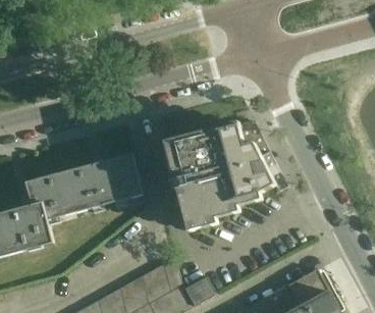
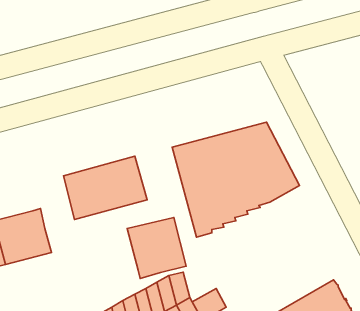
building: [22,172,72,221] -> none
building: none -> [127,217,186,278]

